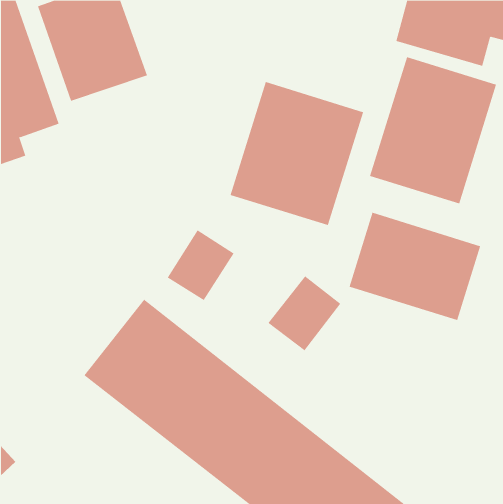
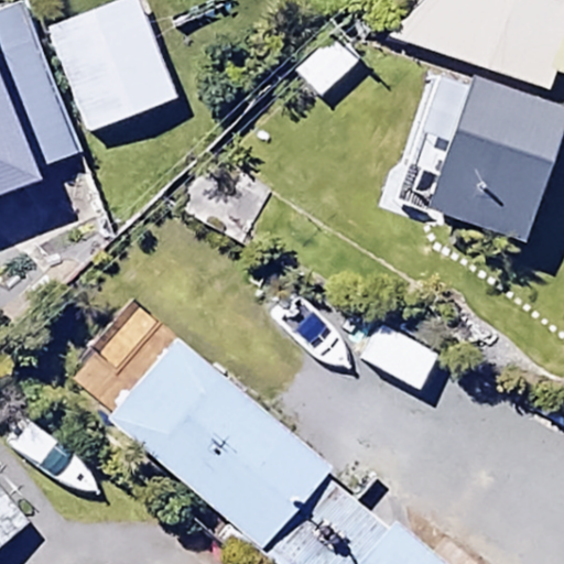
building: [230,81,364,226] -> none
building: [349,212,481,321] -> none

